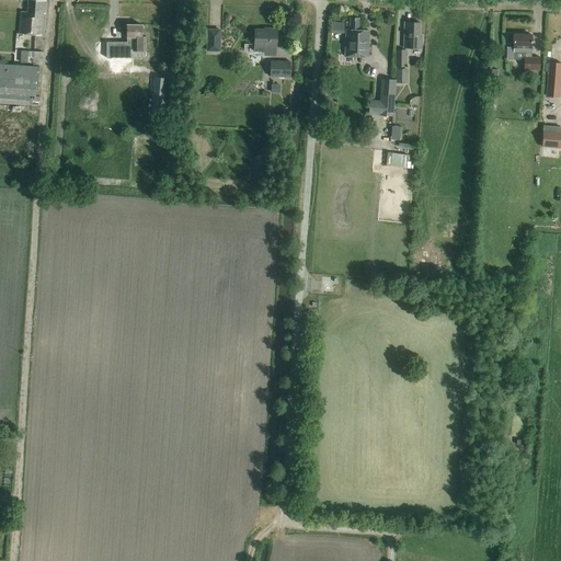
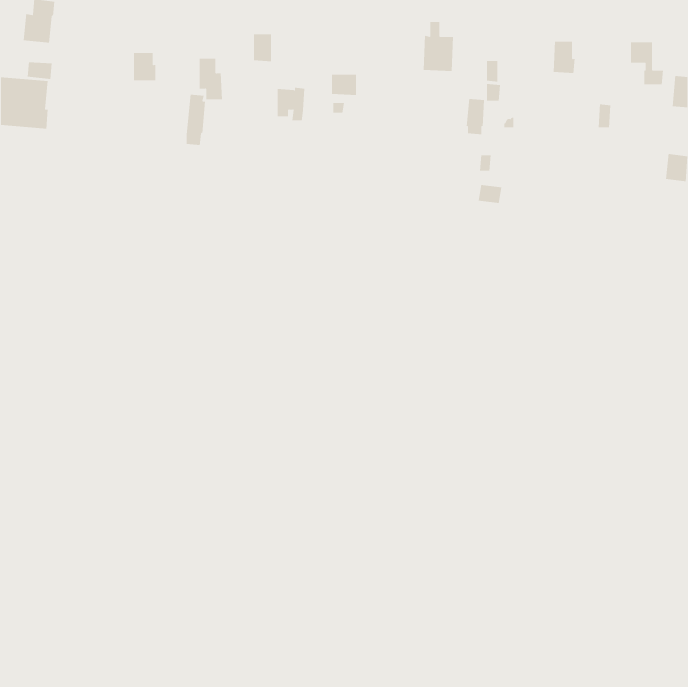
building: [403,22,422,48] -> [553,41,576,73]
building: [127,24,147,58] -> [199,58,223,100]
building: [254,27,277,55] -> [277,87,305,121]

